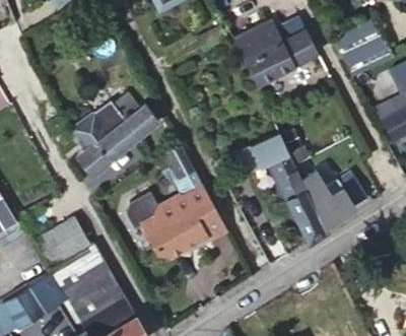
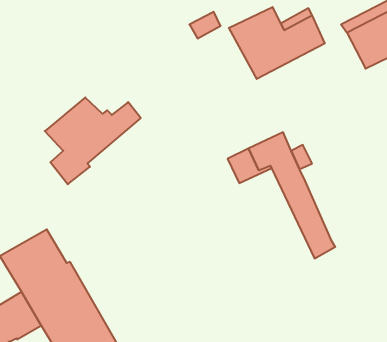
building: [128,170,228,256] -> none
building: [300,171,366,227] -> none

